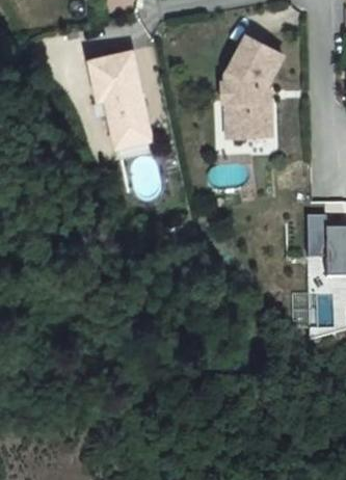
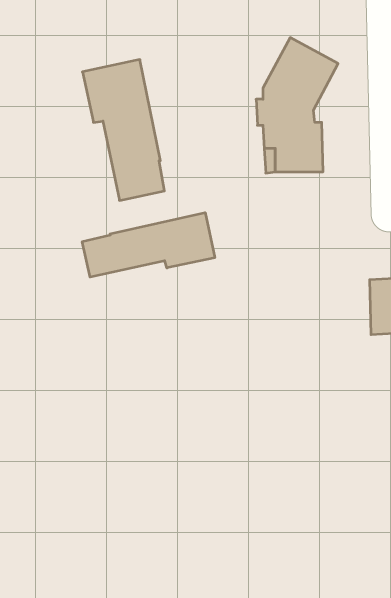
building: none -> [82,213,215,277]

